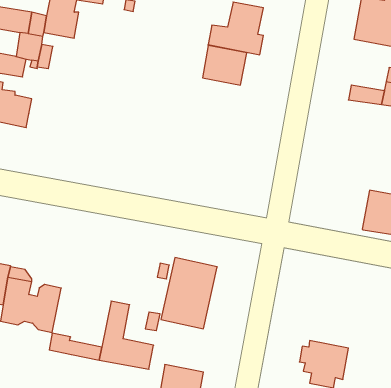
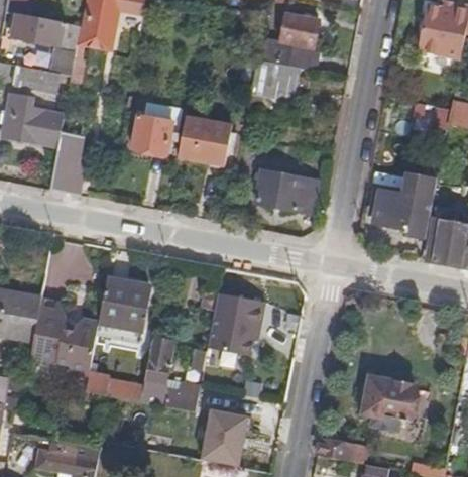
building: none -> [132,103,183,154]
building: none -> [180,115,234,165]
building: none -> [51,133,89,196]
building: none -> [257,169,320,211]
building: none -> [374,172,438,238]
building: none -> [98,278,147,344]

